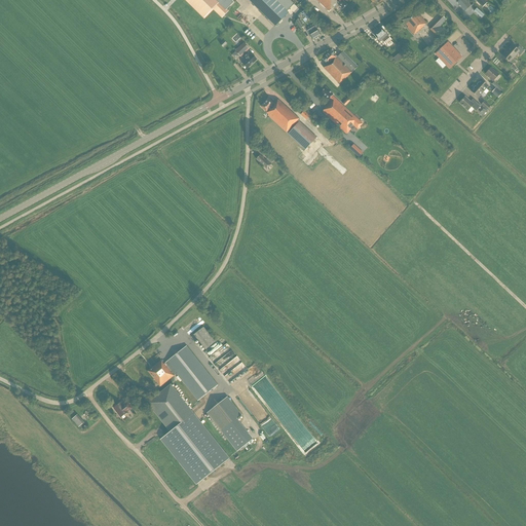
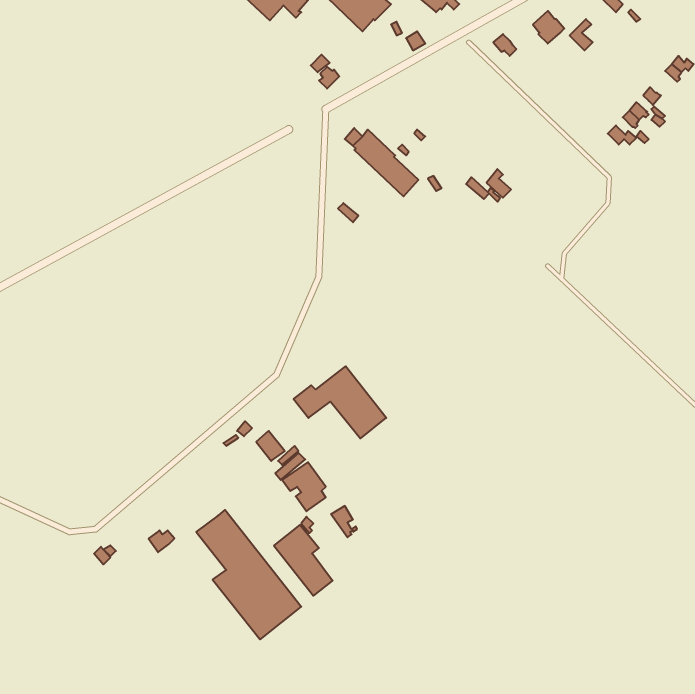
building: [434,39,461,68] -> none
building: [322,49,356,82] -> none
building: [320,85,362,133] -> none
building: [147,344,217,399] -> [294,366,386,438]

